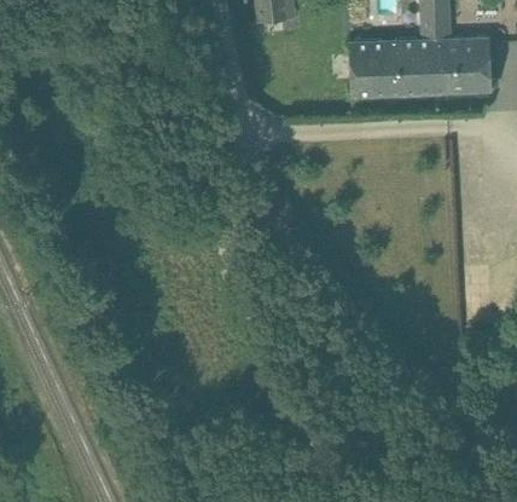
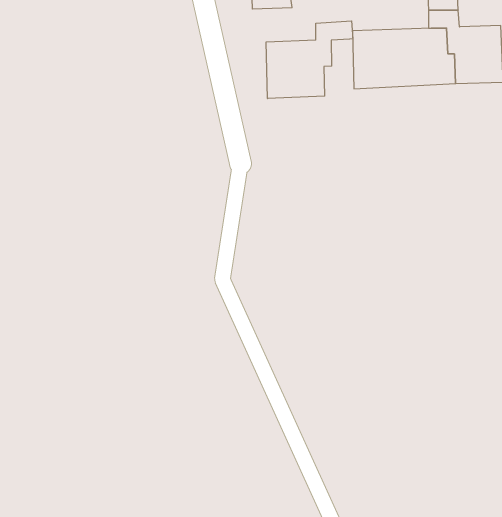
building: none -> [266,21,353,99]

